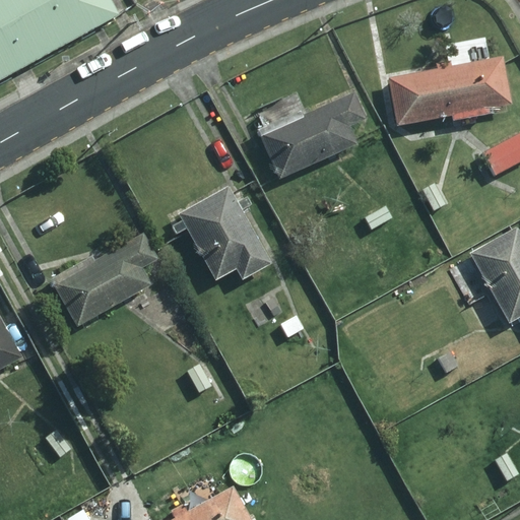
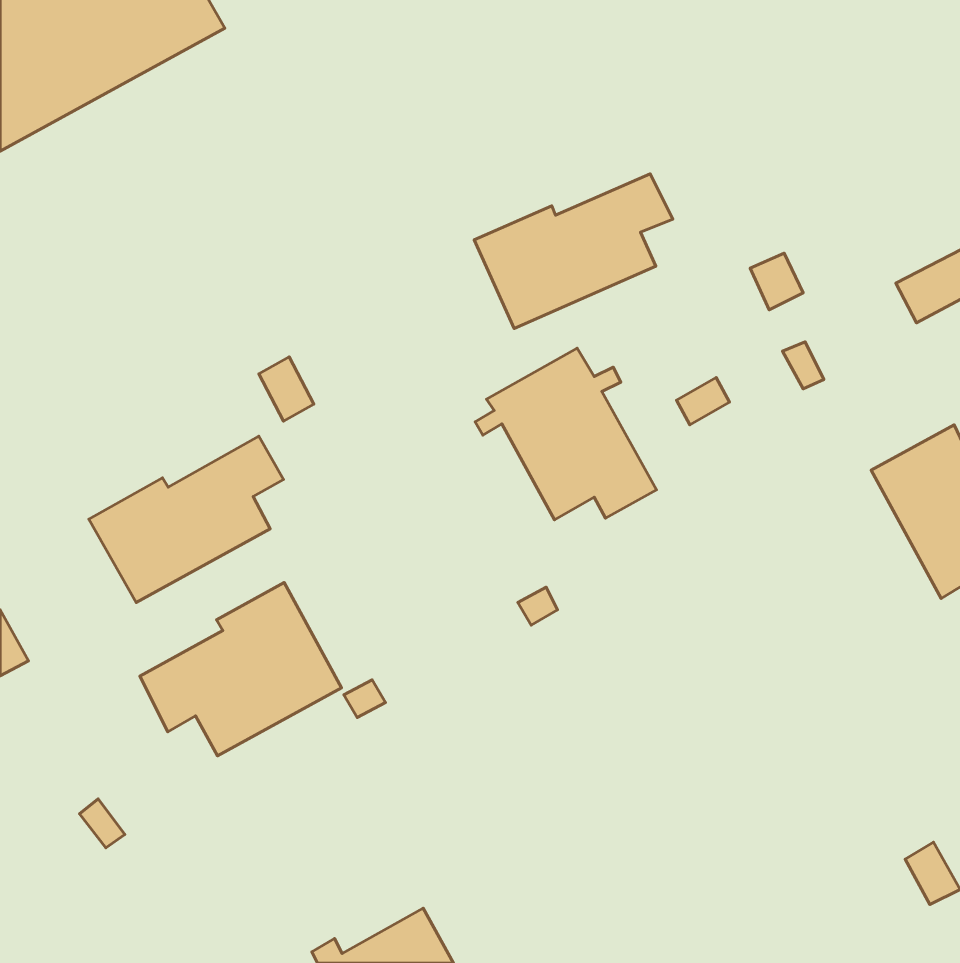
building: [390,58,510,123] -> none
building: [172,187,269,279] -> [475,348,657,520]
building: none -> [140,582,342,756]

